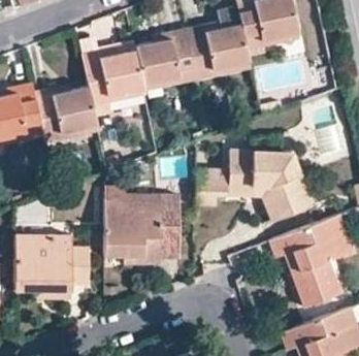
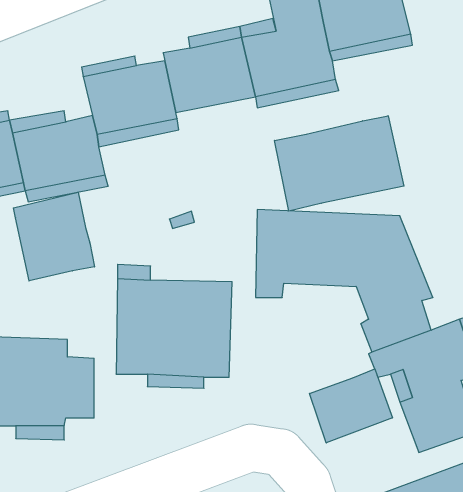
building: none -> [275,116,404,211]
building: none -> [13,192,94,281]
building: none -> [310,369,392,443]

